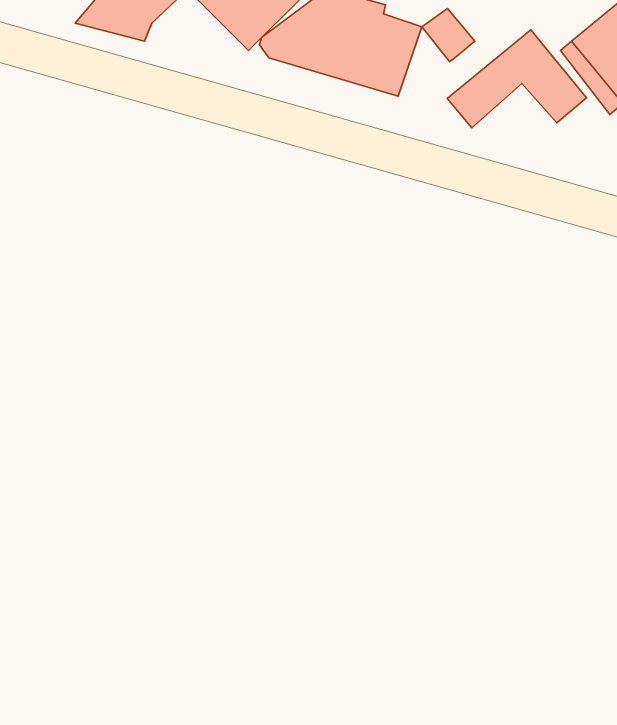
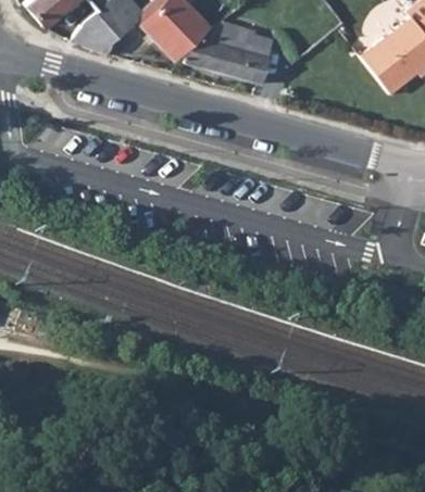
building: [447,30,587,128] -> none

